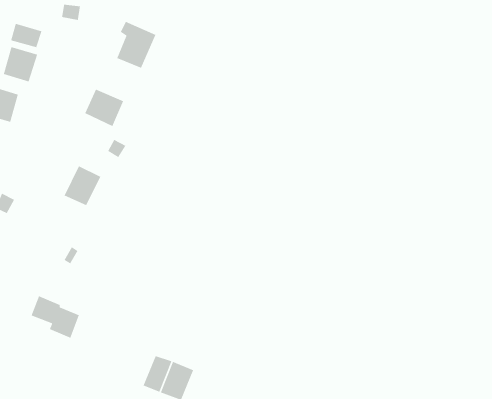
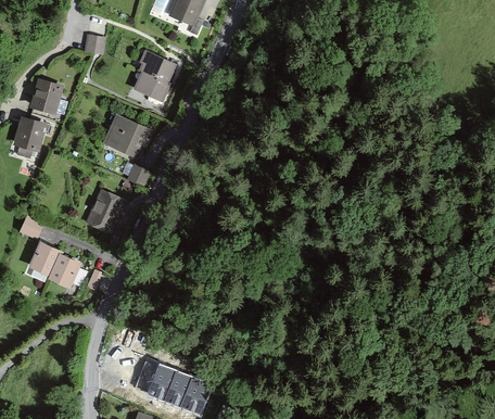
building: [10,23,43,48] -> none
building: [31,295,80,339] -> [31,245,78,287]
building: none -> [145,365,174,401]

